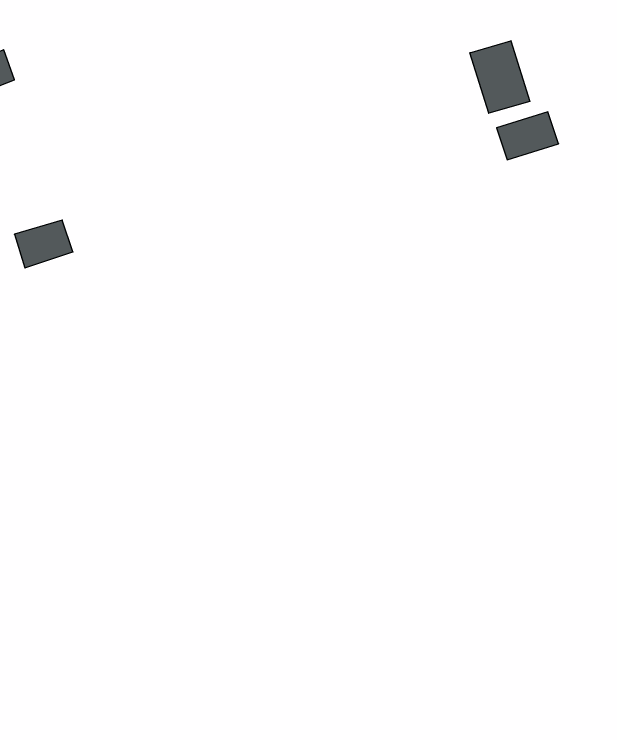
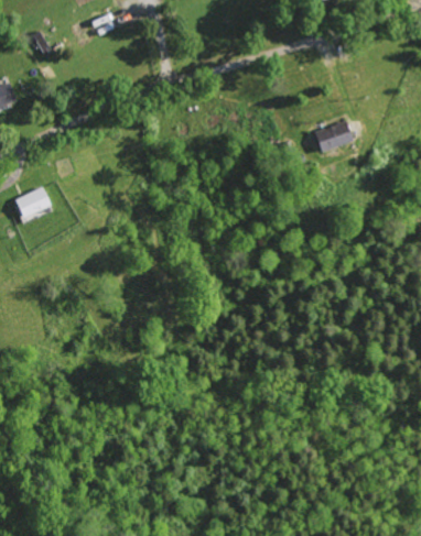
building: [470,41,530,113] -> none

